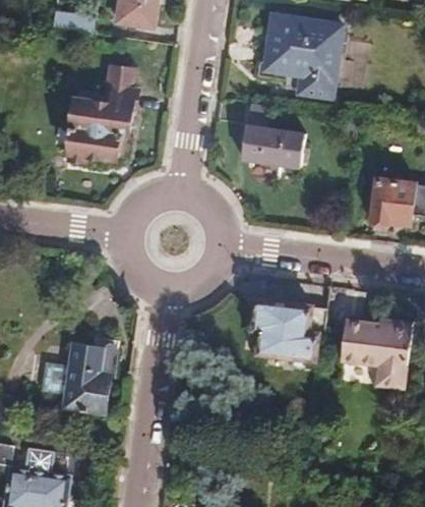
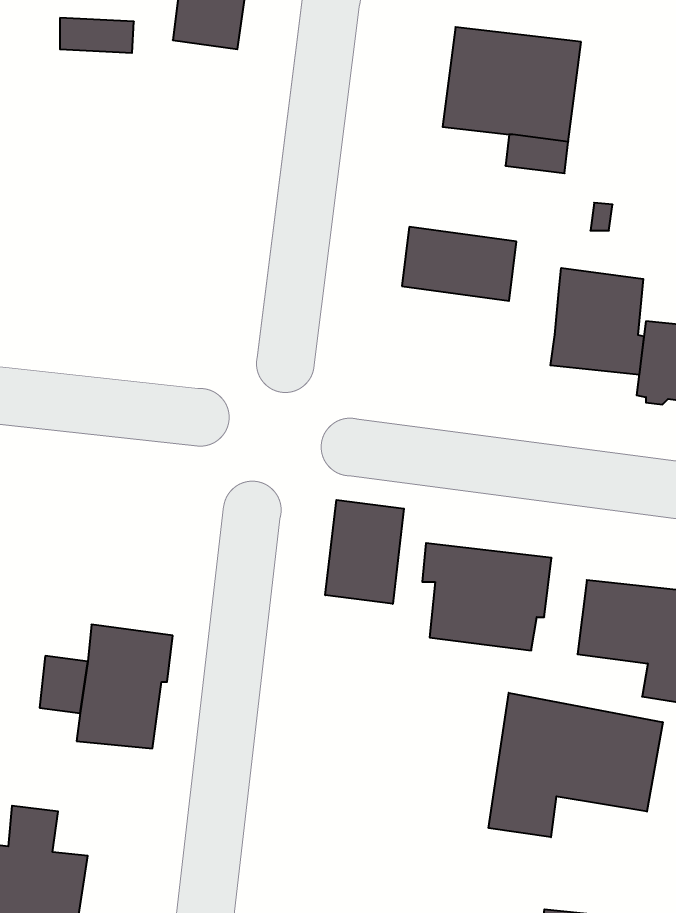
building: [67,66,141,161] -> none
building: none -> [550,268,644,375]
building: none -> [325,500,404,604]
building: none -> [489,693,663,837]

